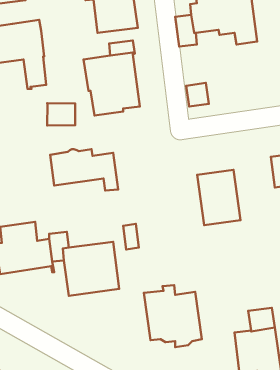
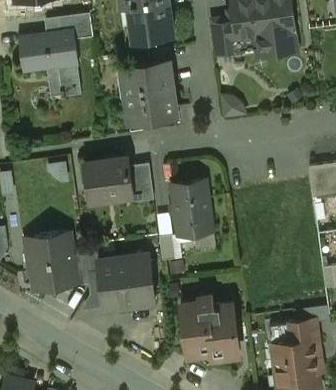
building: none -> [44,13,92,39]
building: [47,103,75,126] -> none
building: [197,170,241,225] -> [169,180,213,236]

